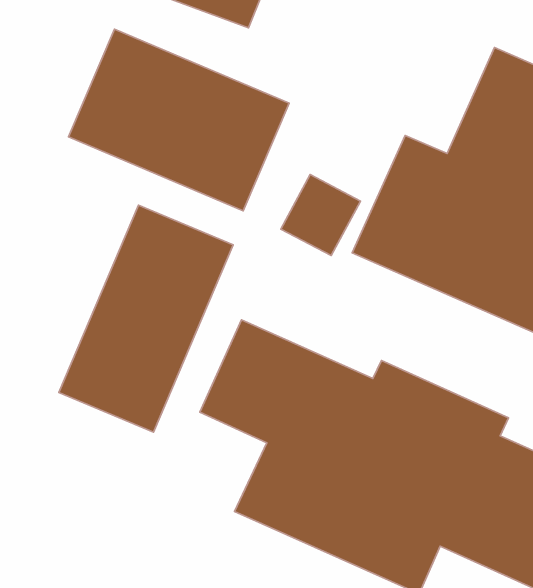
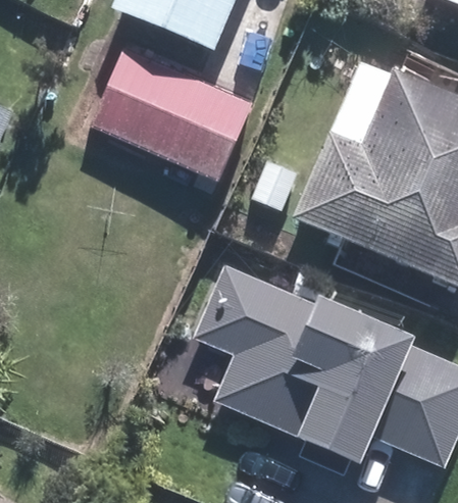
building: [59,205,233,432] -> none

